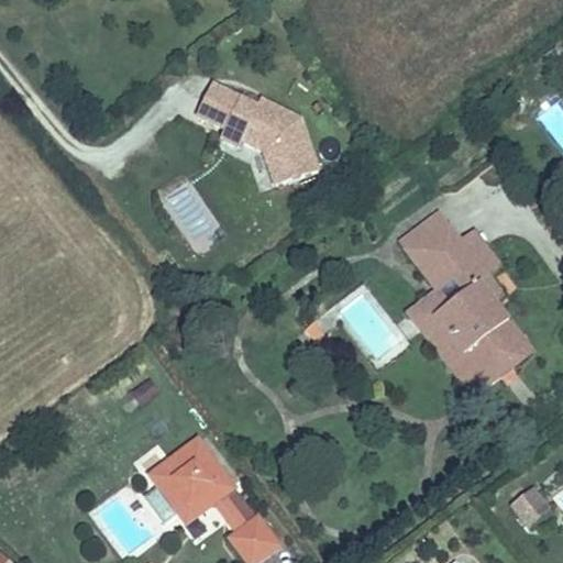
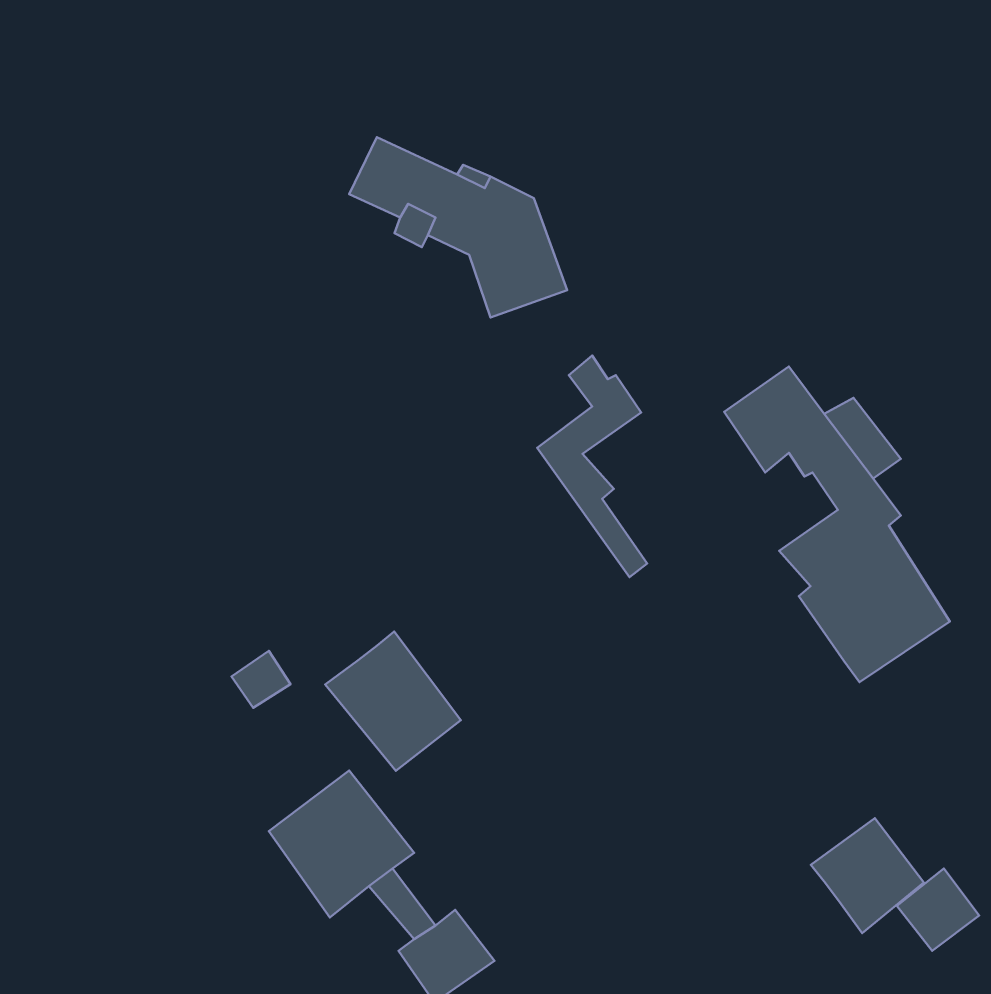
building: [411,258,473,383] -> [537,356,647,577]
building: none -> [325,632,461,771]
building: none -> [811,818,924,933]

